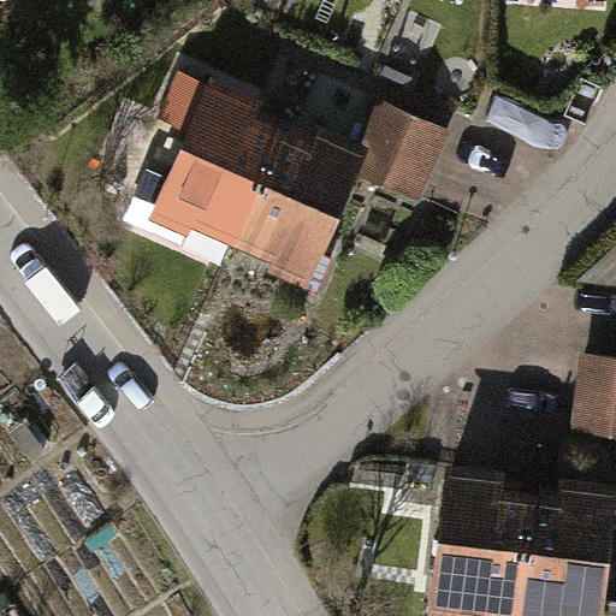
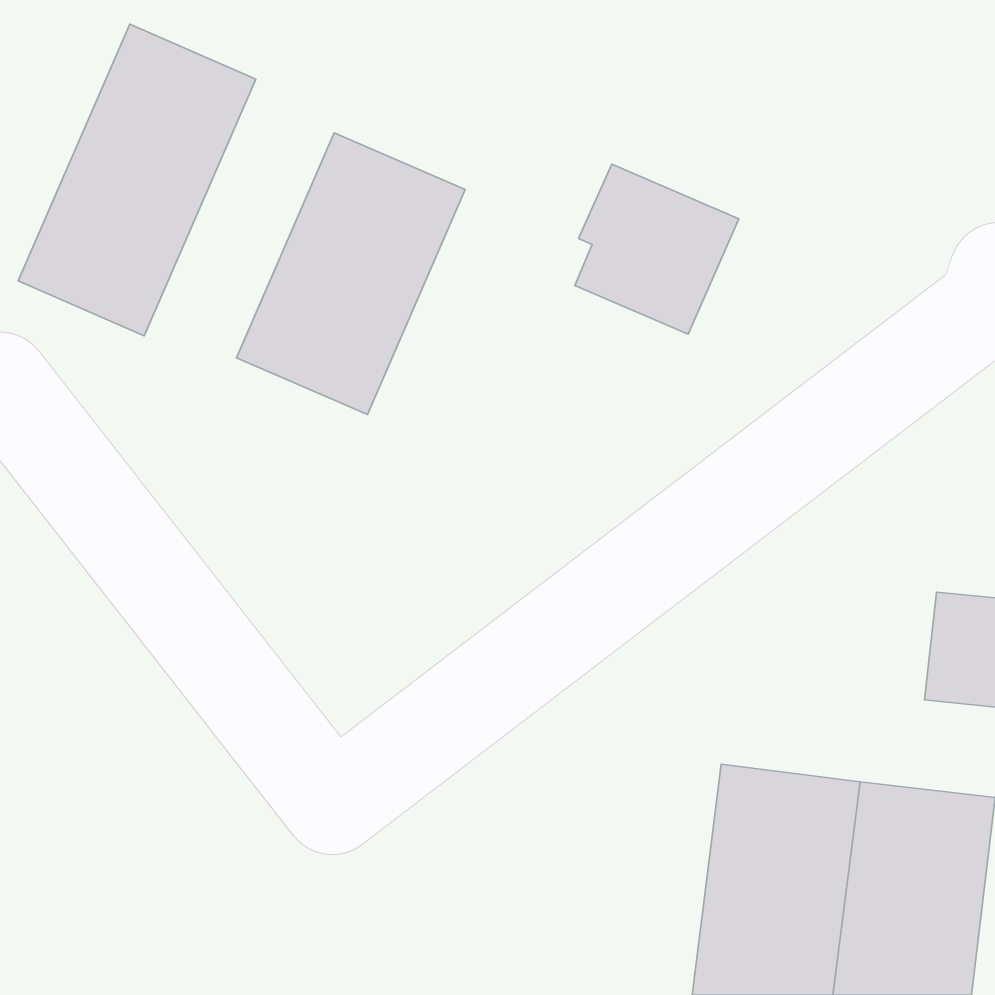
building: none -> [18,24,256,336]
building: [229,117,367,289] -> none

